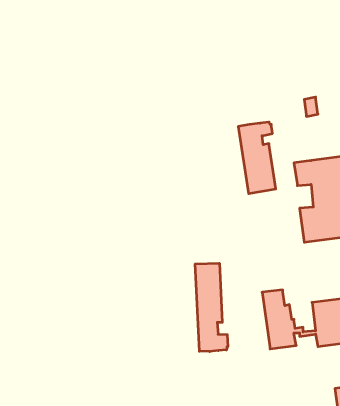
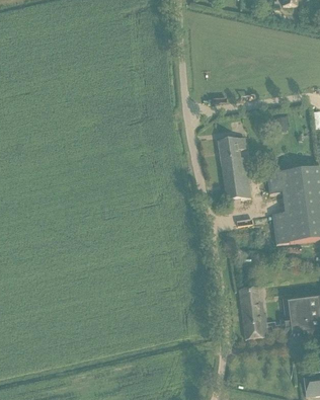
building: [195,263,228,352] -> none

